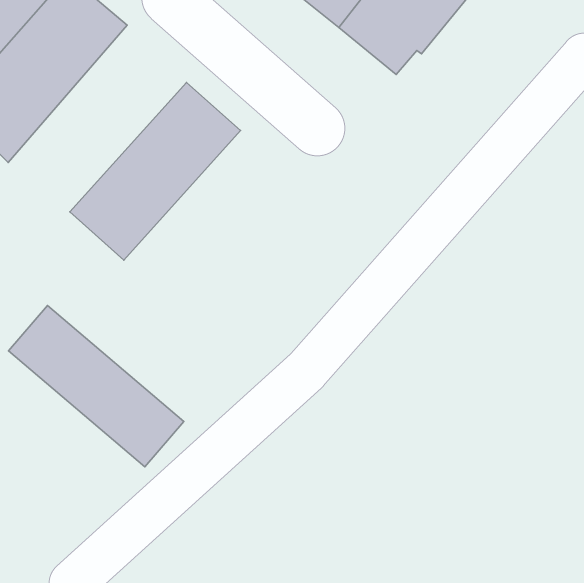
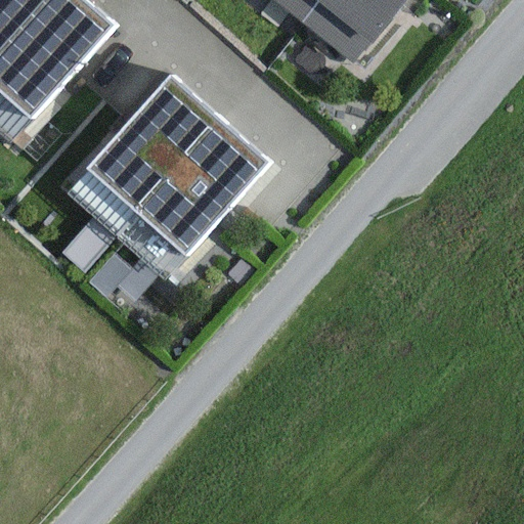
building: none -> [111,117,266,282]
building: [8,305,184,467] -> none

